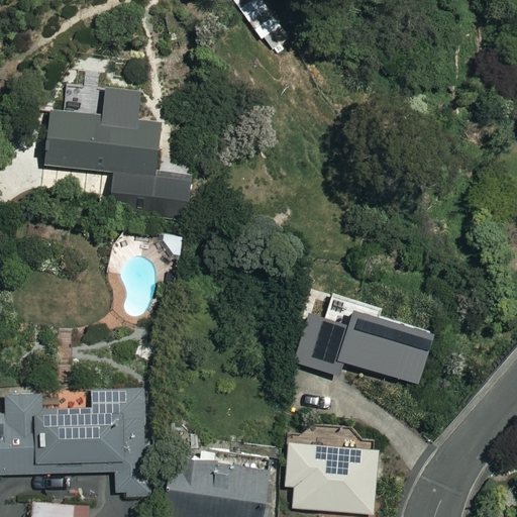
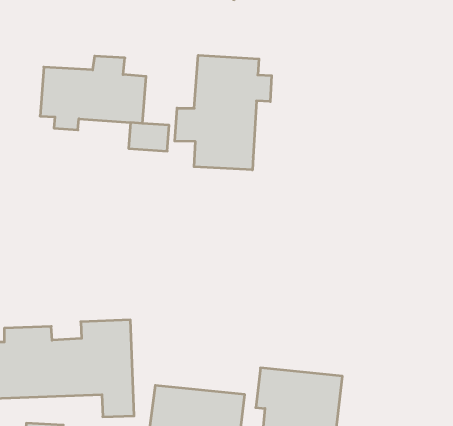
building: none -> [175,55,272,170]
building: [294,311,432,382] -> none

